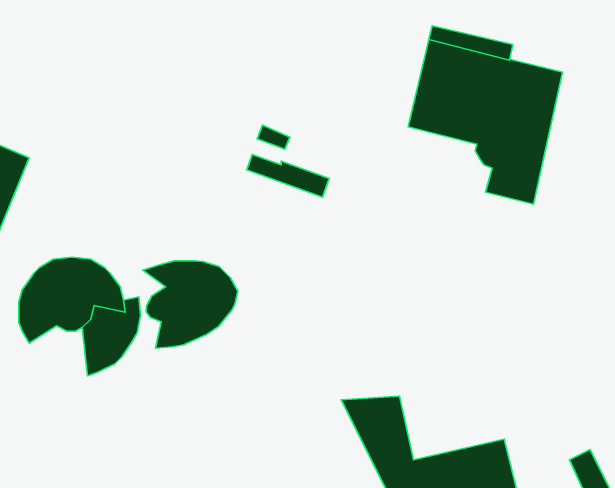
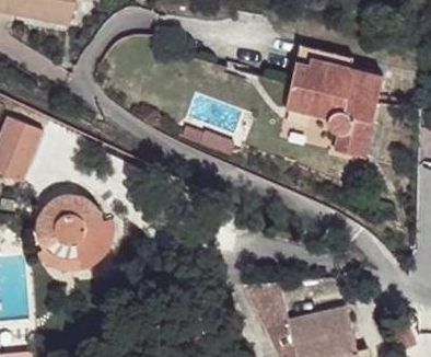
building: [143,261,238,348] -> none
building: none -> [37,237,81,269]

